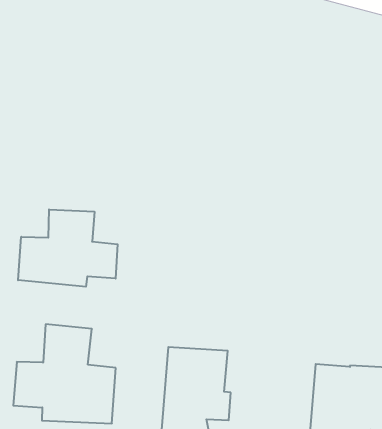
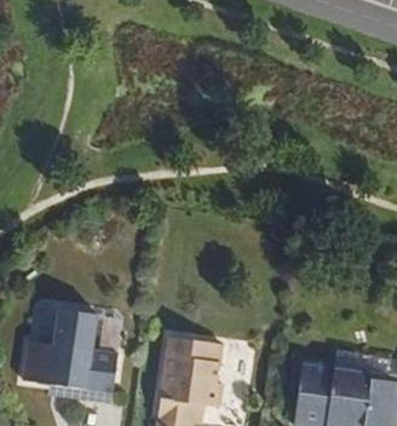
building: [18,209,118,287] -> none

